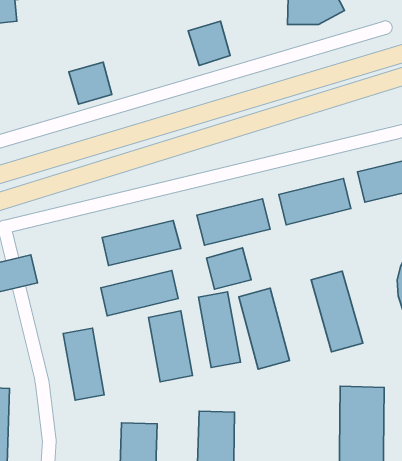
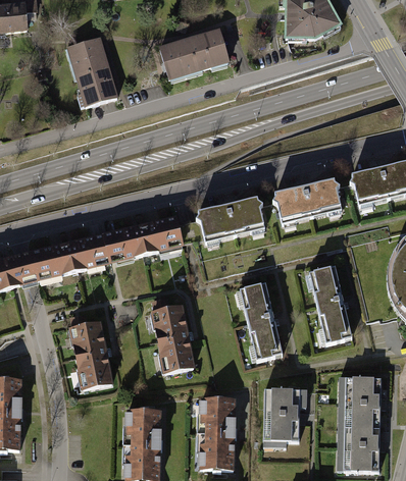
building: none -> [68,39,110,78]
building: none -> [161,40,201,82]
building: [206,248,251,289] -> none
building: [101,271,178,316] -> [42,235,115,278]
building: [198,292,240,368] -> none
building: none -> [260,387,299,438]

